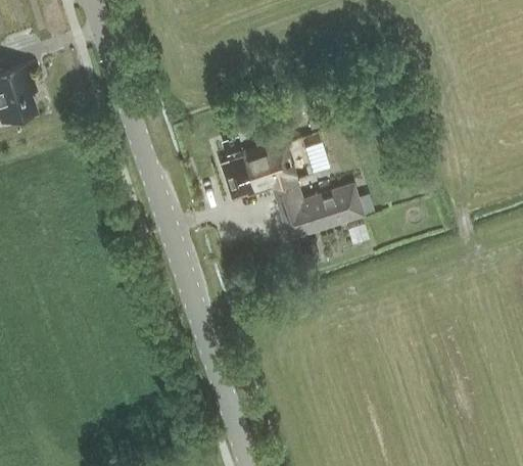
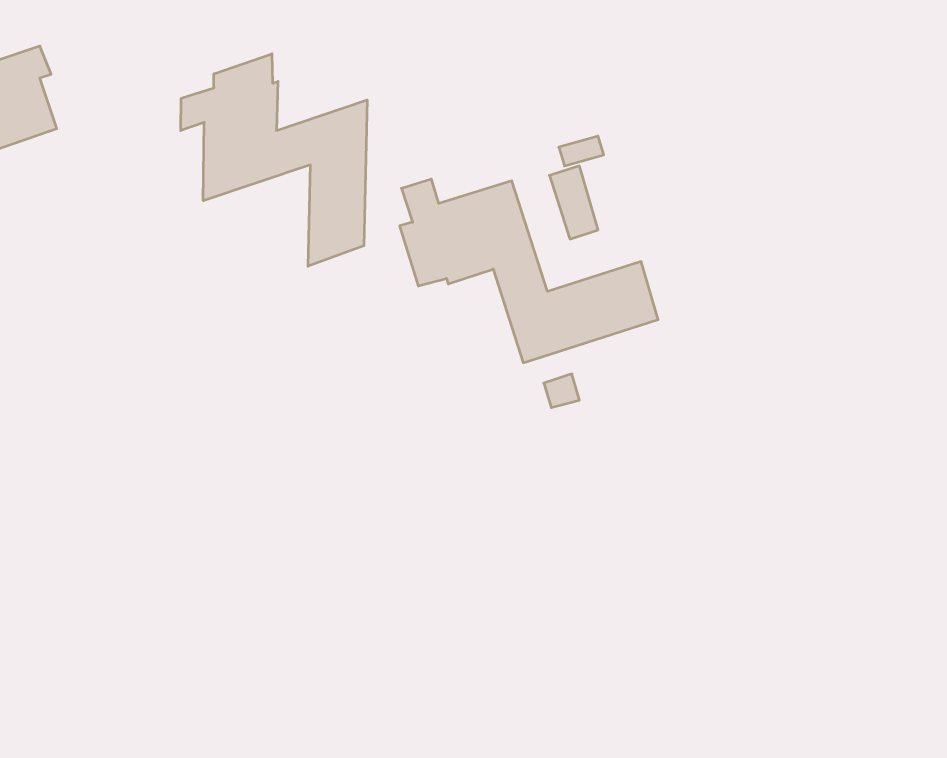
building: none -> [181,54,367,266]

